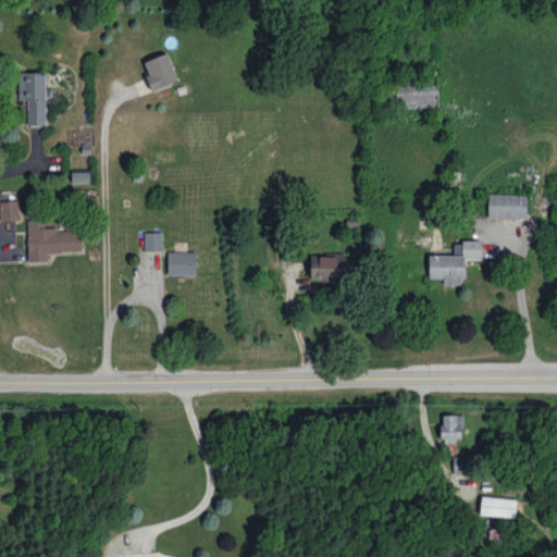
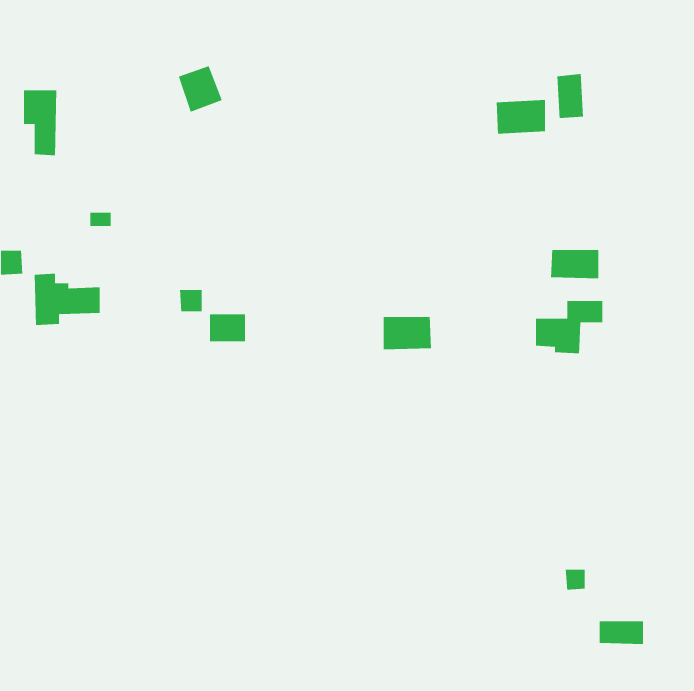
building: none -> [556,73,584,119]
building: [487,196,527,220] -> [550,249,599,279]
building: [441,416,463,443] -> none

